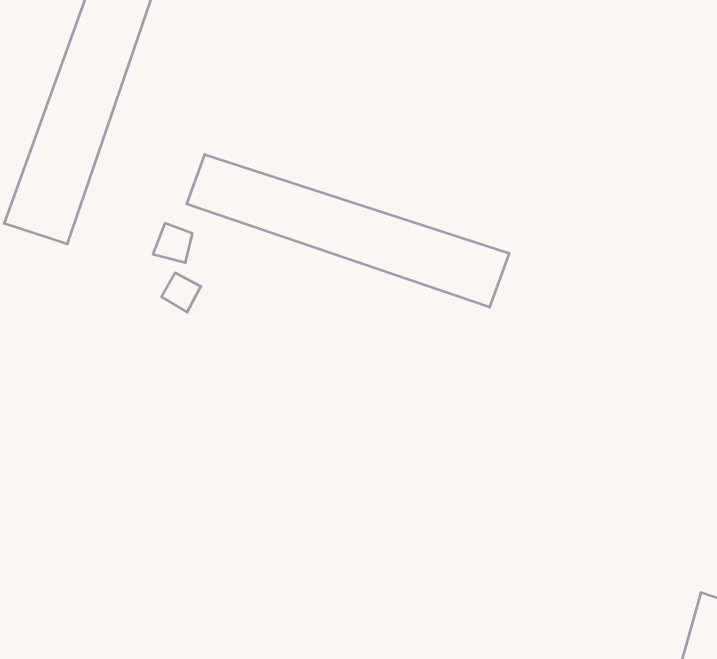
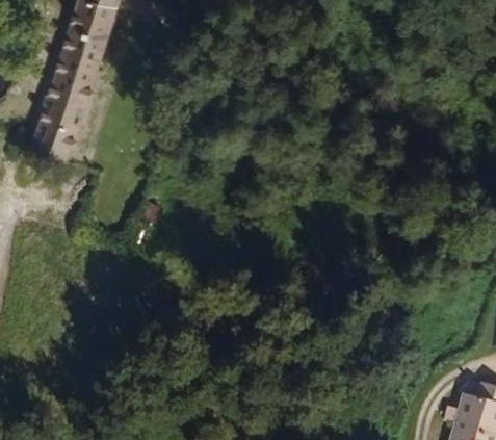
building: [187,154,509,307] -> none

